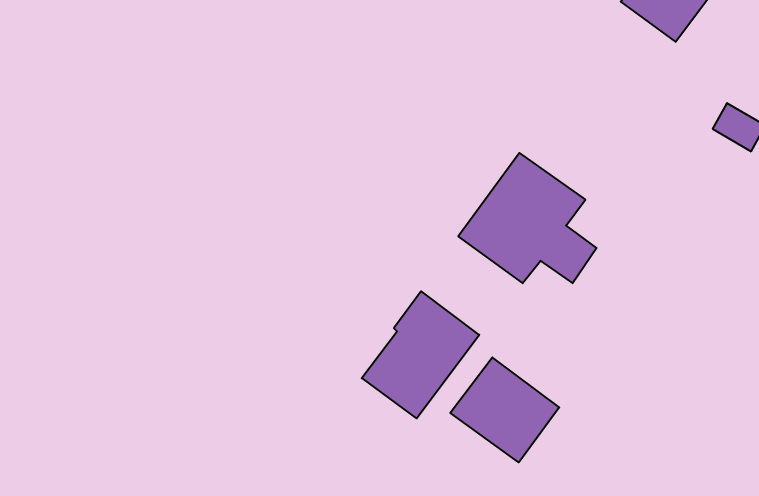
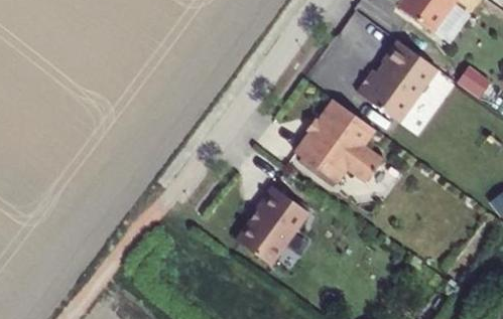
building: none -> [357,40,437,121]
building: [450,357,559,462] -> none

